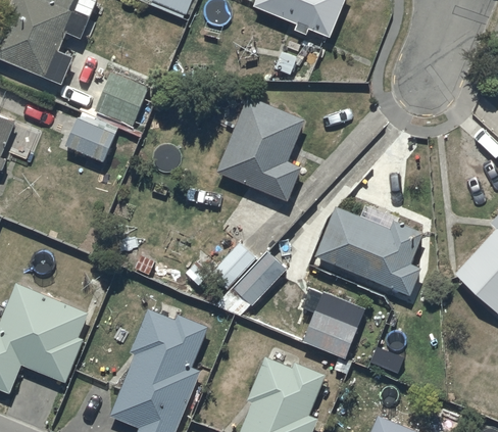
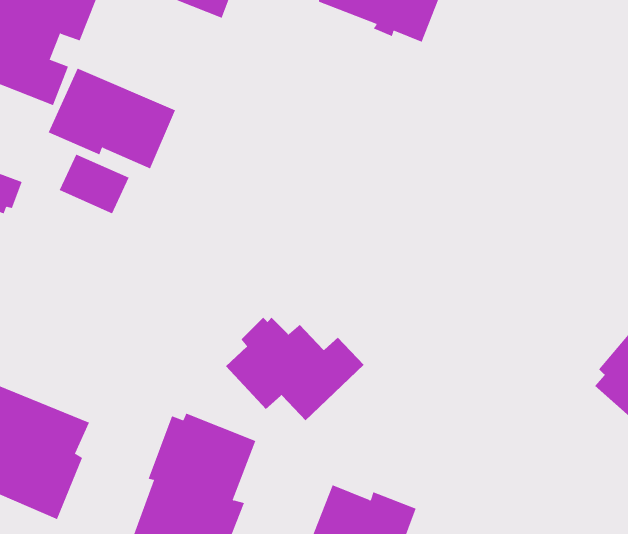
building: [216,96,305,200] -> none
building: [315,205,424,296] -> none
building: [303,290,365,356] -> none

